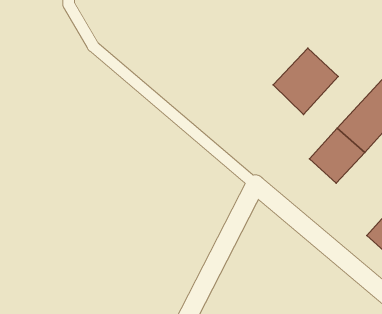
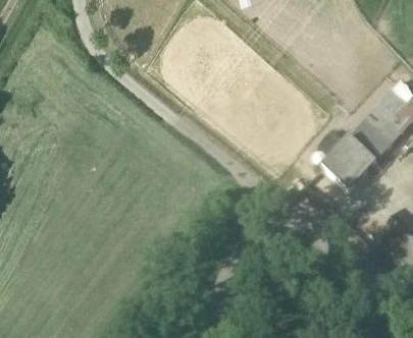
building: [273,48,338,114] -> none

